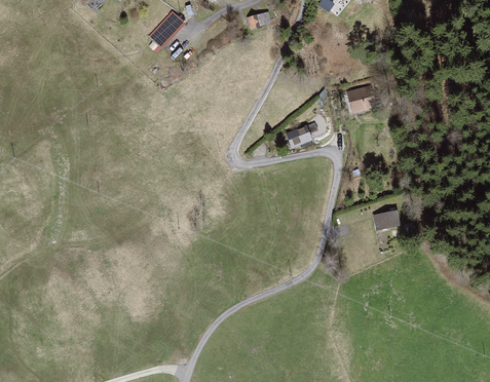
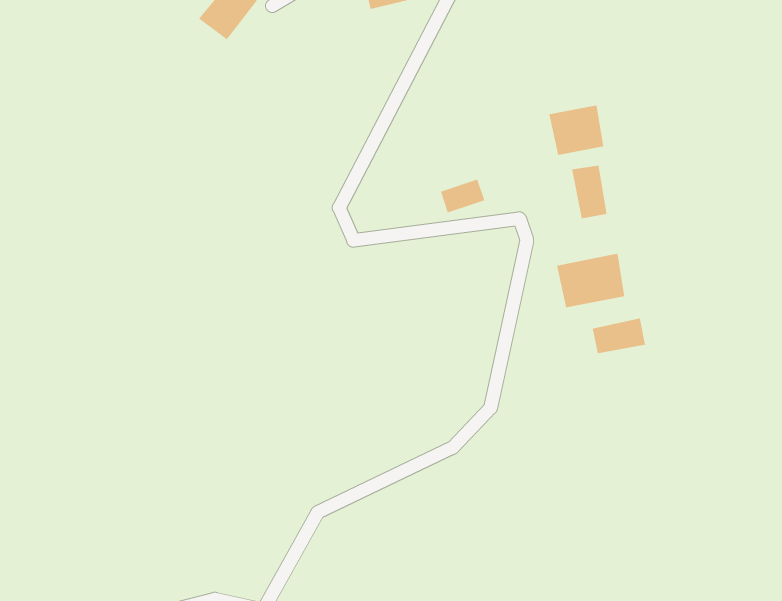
building: none -> [572,165,607,219]
building: none -> [556,253,625,308]

